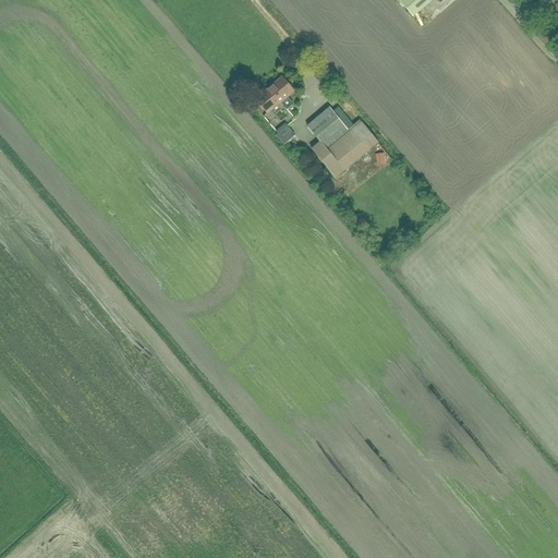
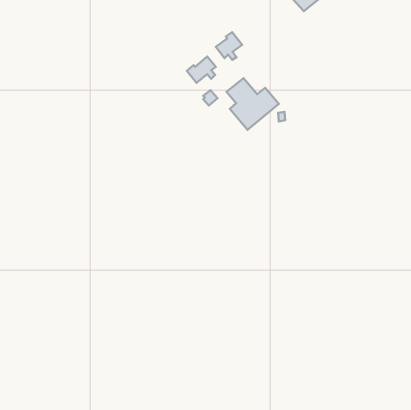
building: none -> [216,32,242,60]

